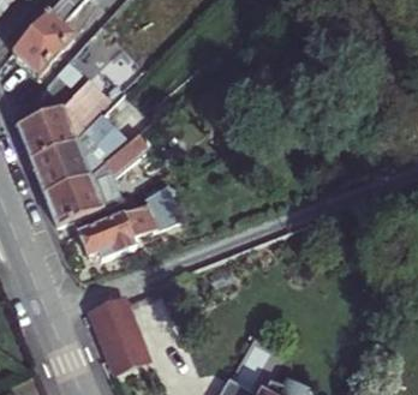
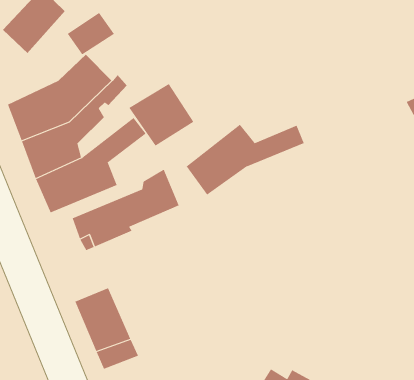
building: none -> [129,83,194,147]
building: none -> [186,124,305,196]

